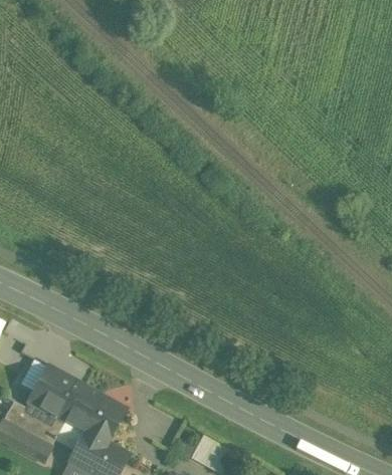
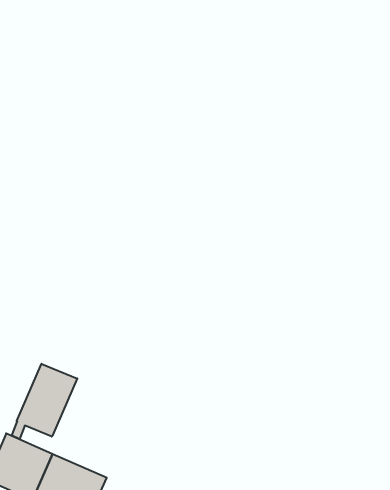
building: none -> [12,364,77,439]

